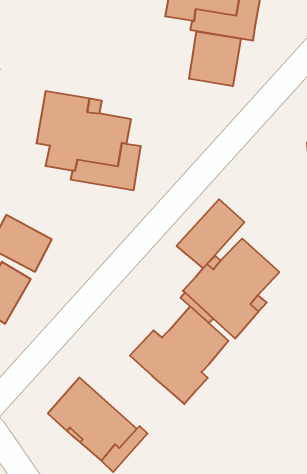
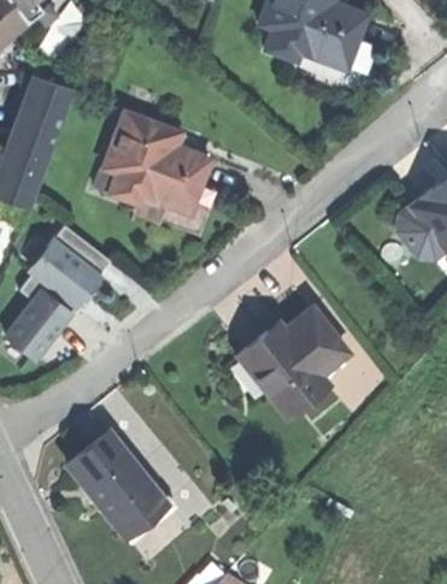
building: [189,32,241,86] -> none
building: [177,199,244,268] -> none
building: [130,306,228,404] -> none

